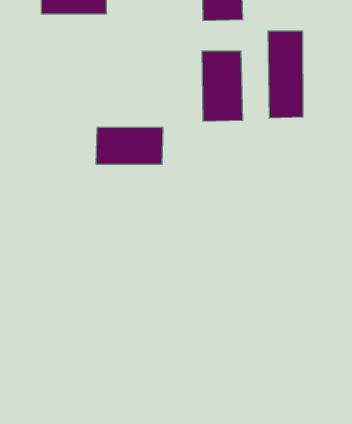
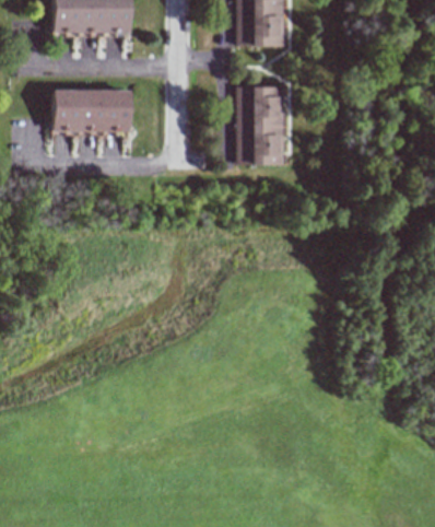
building: [268,31,303,118] -> none
building: [96,128,163,164] -> [49,90,128,132]

